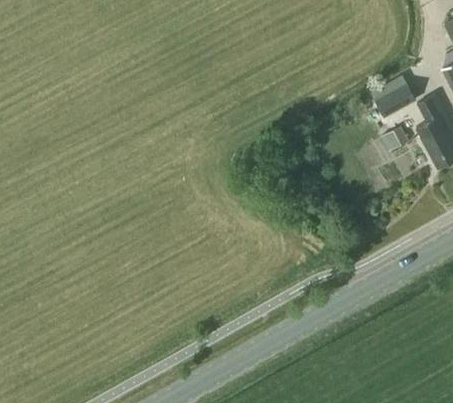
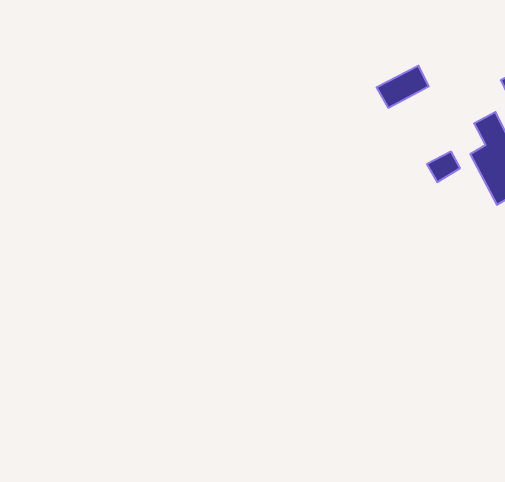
building: [373,83,415,117] -> [377,66,429,108]

